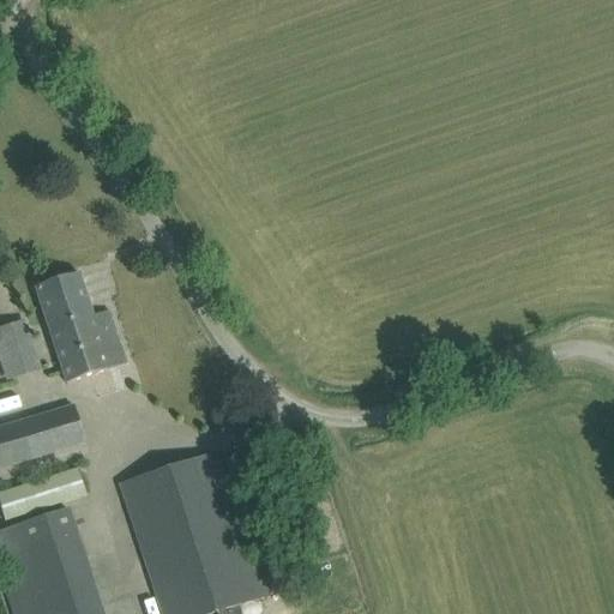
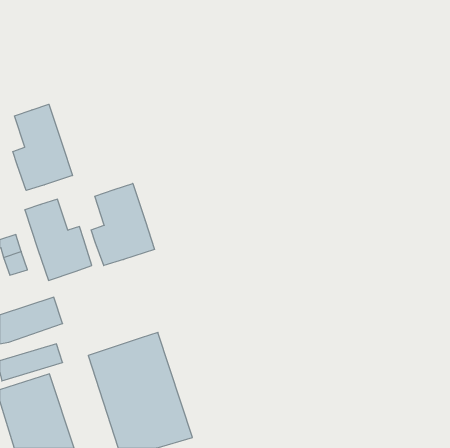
building: none -> [13,104,72,190]
building: none -> [91,183,154,266]

